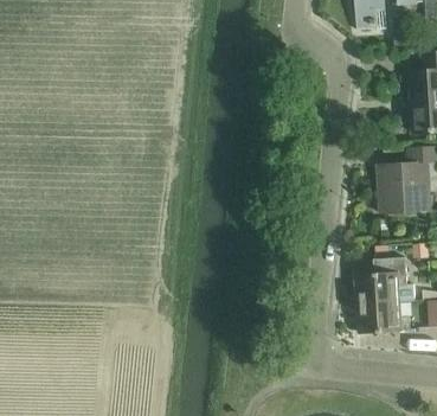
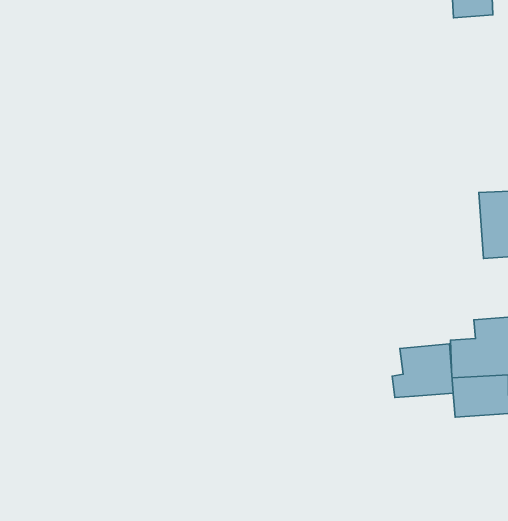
building: none -> [392,344,453,398]

